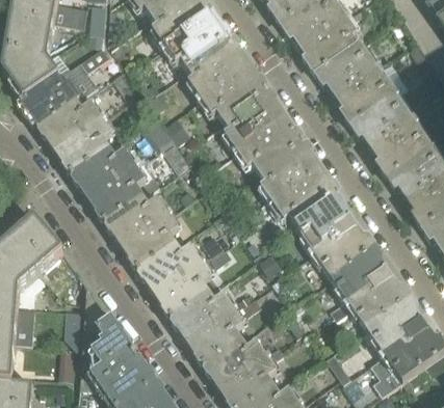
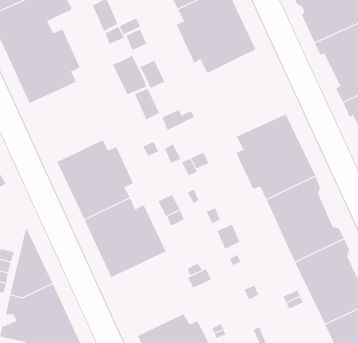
building: [227,90,304,171] -> none
building: [72,146,159,221] -> none
building: [172,284,244,364] -> none

